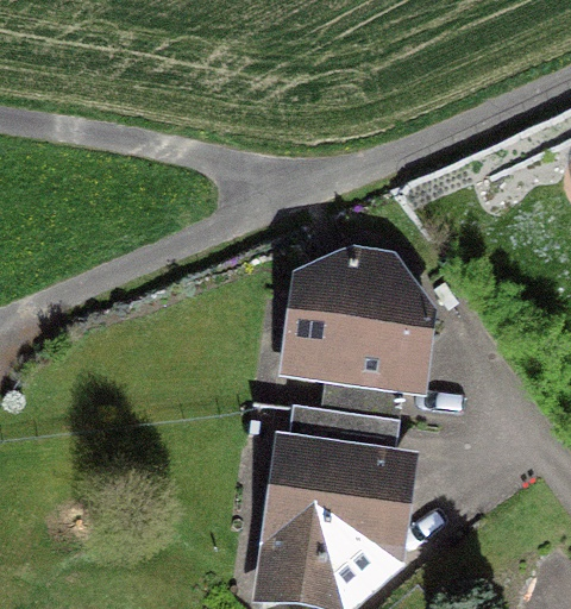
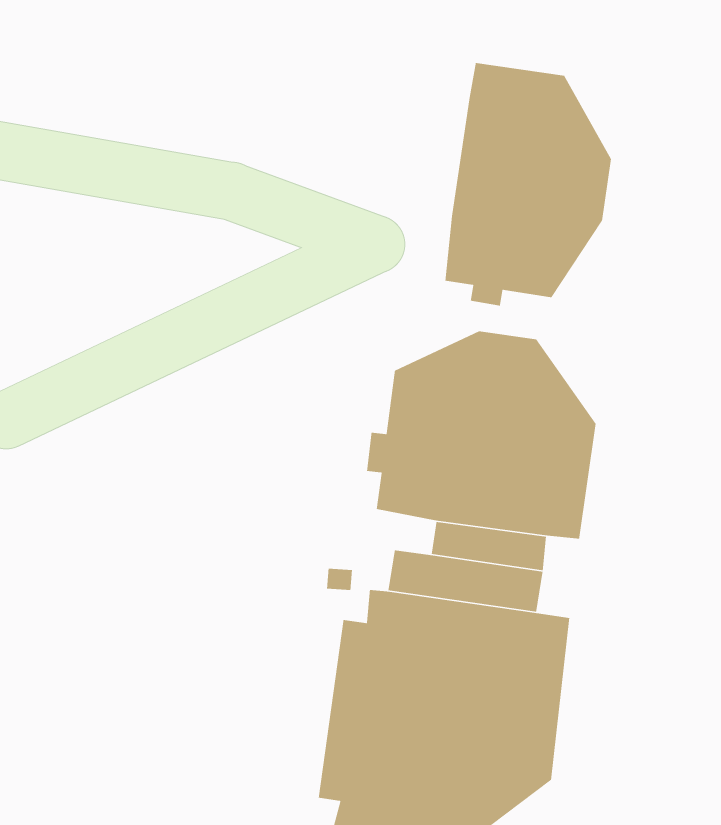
building: none -> [444,62,612,306]

